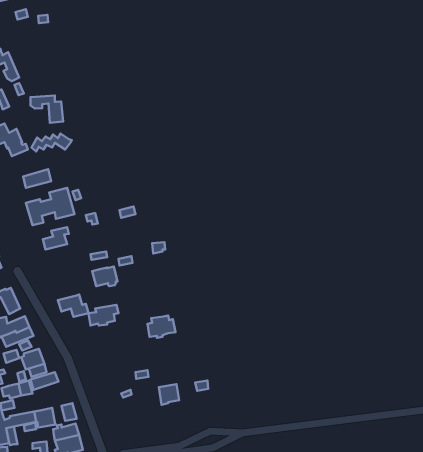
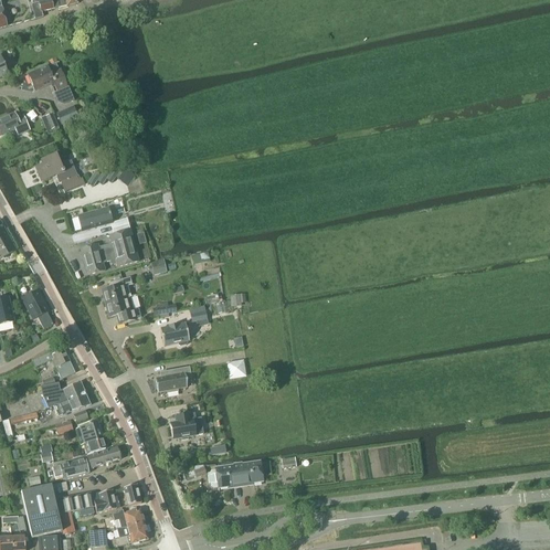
building: [30,96,63,123] -> none
building: [58,295,89,317] -> [104,295,140,321]
building: [148,315,176,338] -> [170,412,203,438]
building: none -> [210,464,241,486]

